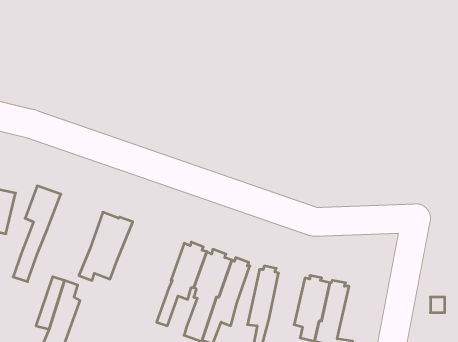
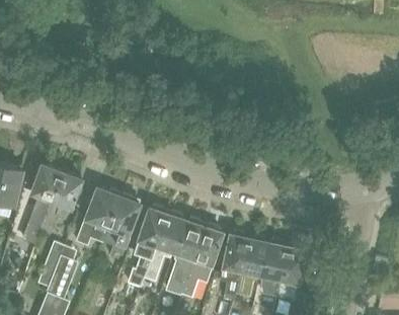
building: none -> [39,171,80,235]
building: none -> [102,194,139,256]
building: none -> [126,206,165,288]
building: none -> [237,236,267,282]

